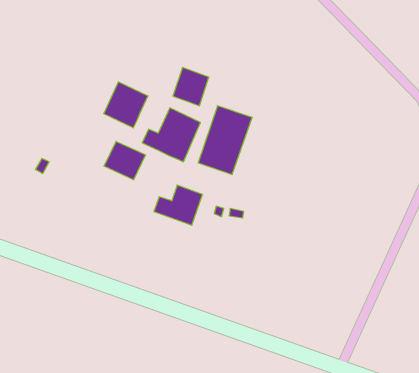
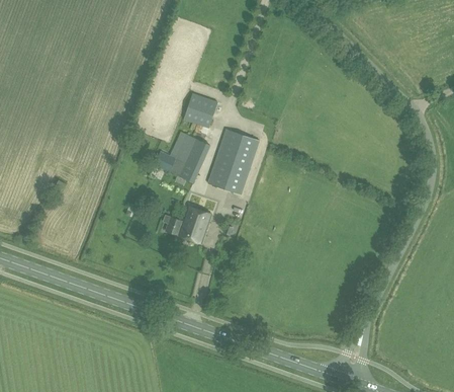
building: [104,82,148,128] -> none
building: [104,141,146,180] -> none

